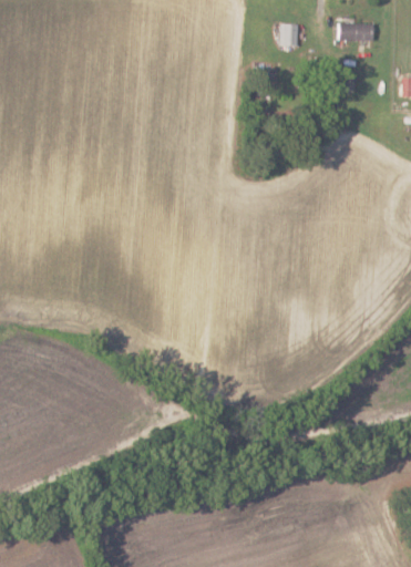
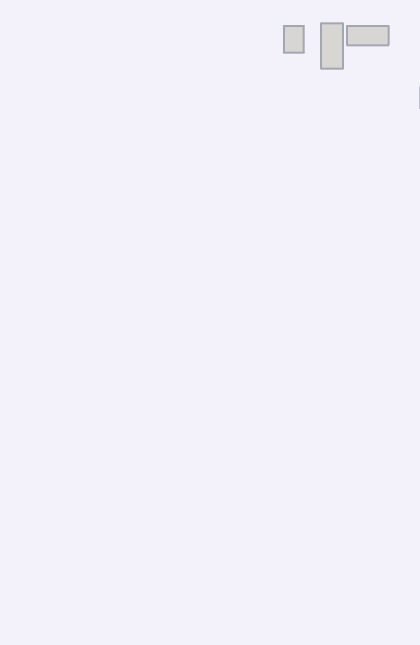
building: none -> [321,23,343,69]

